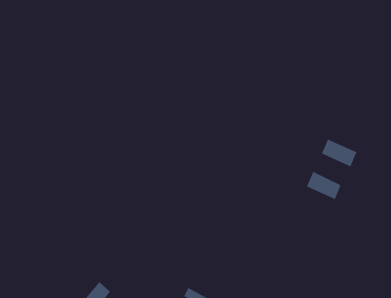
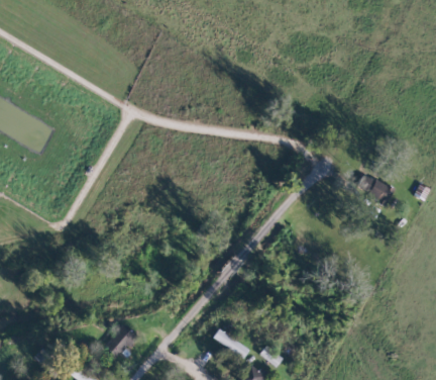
building: [306,171,342,200] -> none

